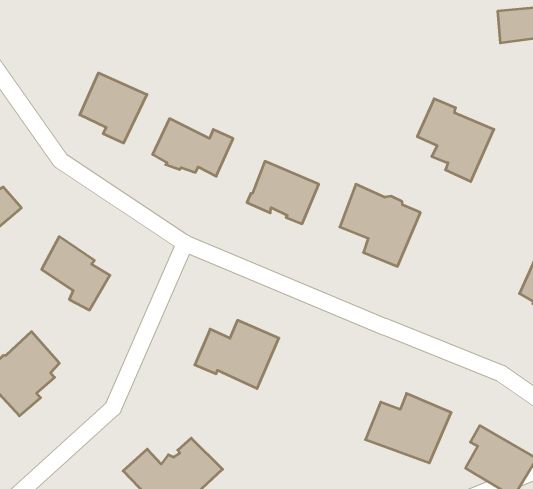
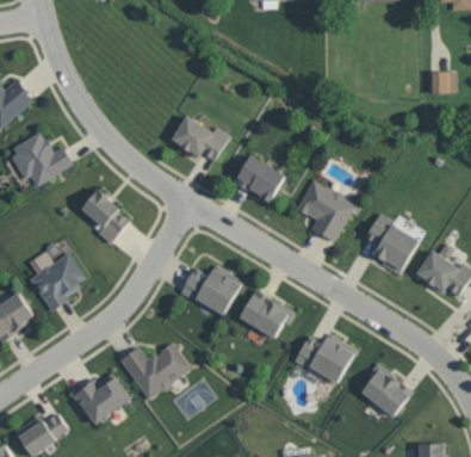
building: [80,73,147,143] -> none
building: [417,99,494,182] -> [364,214,419,276]
building: none -> [238,289,295,338]

